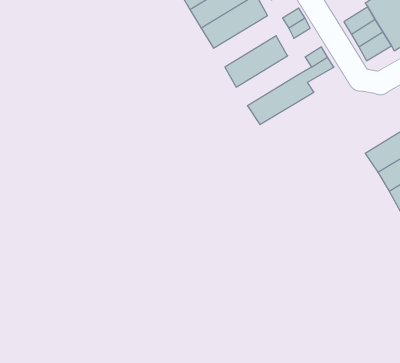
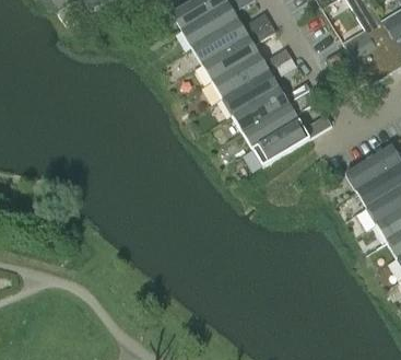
building: none -> [212,53,269,97]
building: none -> [232,88,286,131]
building: none -> [252,114,332,165]

